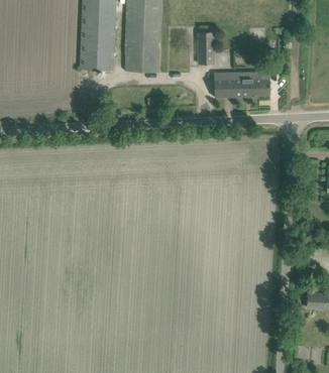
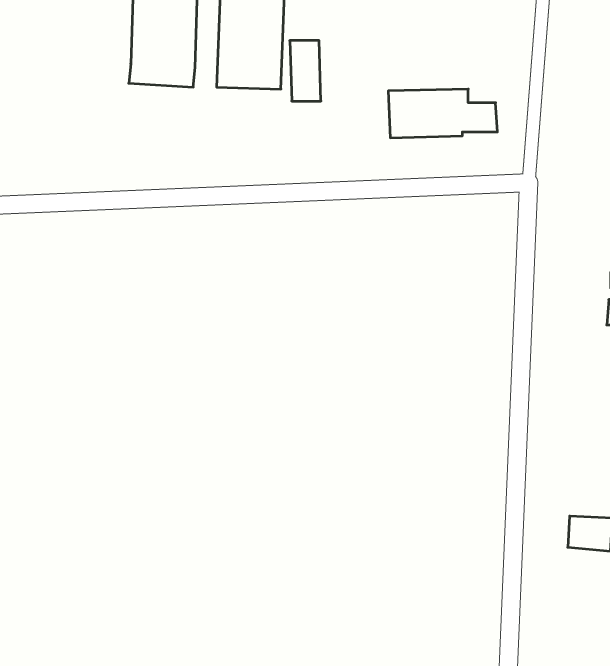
building: [198,32,214,64] -> [290,41,321,101]

